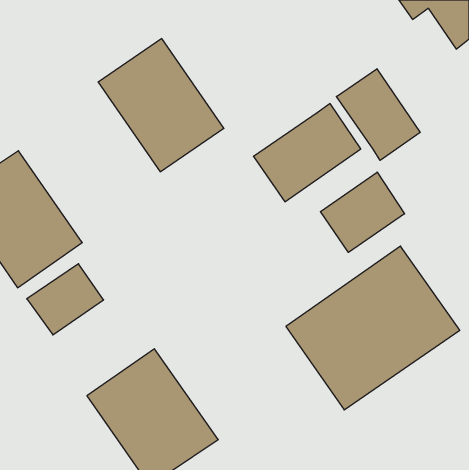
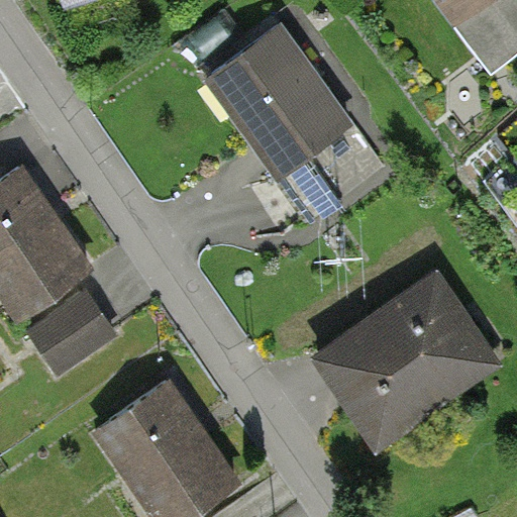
building: [98,39,224,172] -> [209,28,346,174]
building: [336,69,420,160] -> none
building: [320,172,405,252] -> none

